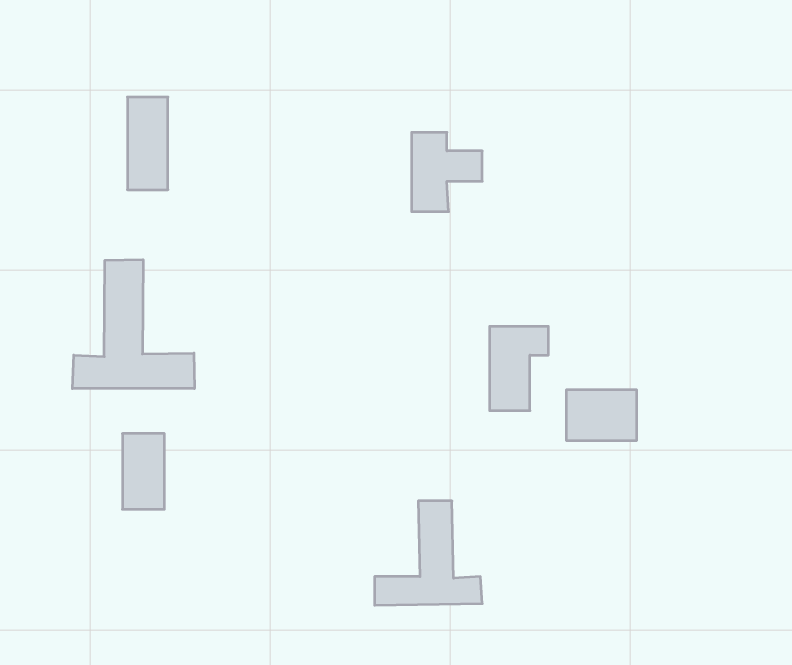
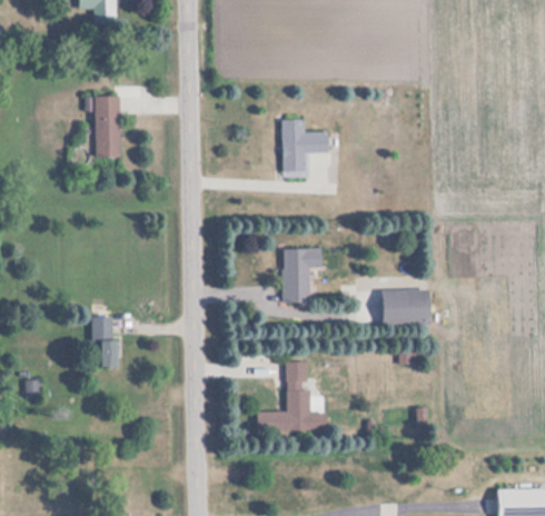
building: [72,260,194,389] -> none
building: [490,326,548,411] -> [284,248,323,304]

